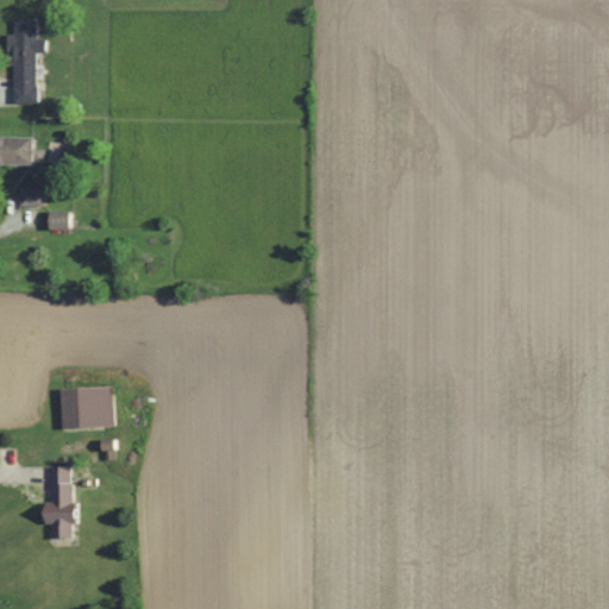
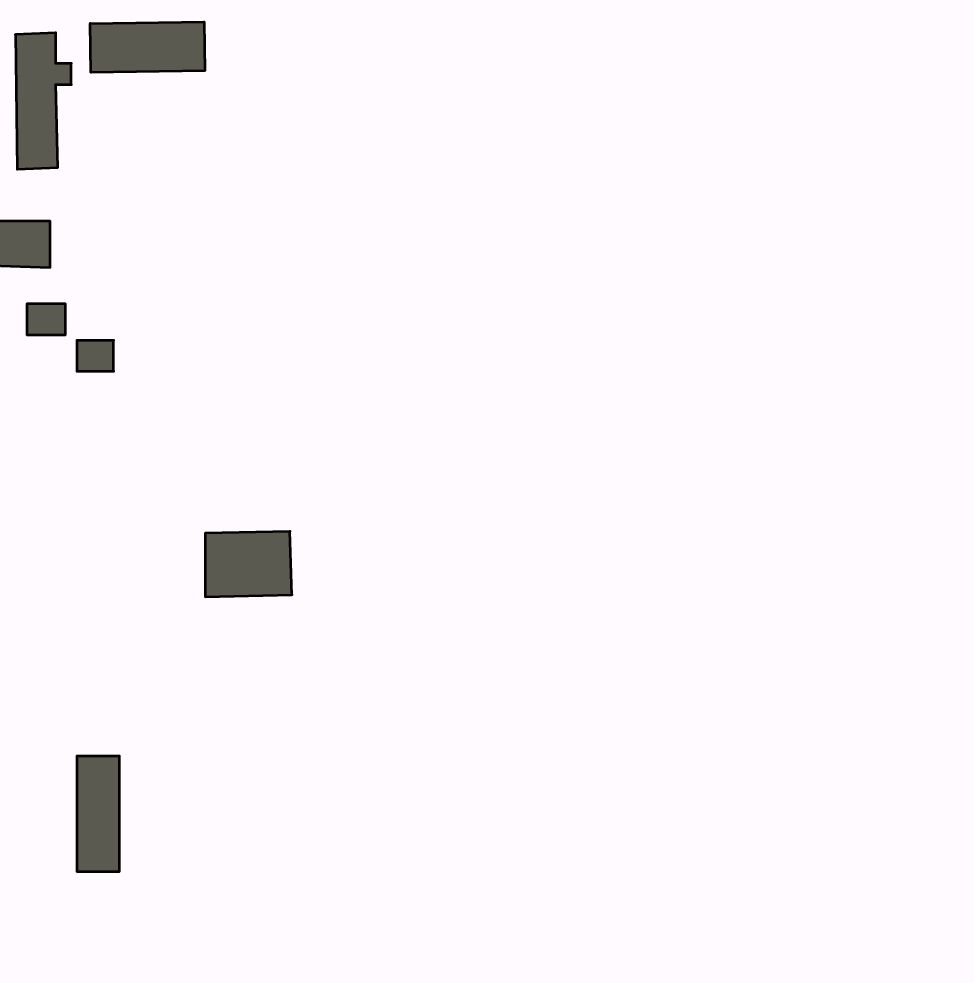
building: none -> [90,22,205,72]
building: [59,388,113,428] -> [205,531,292,597]

